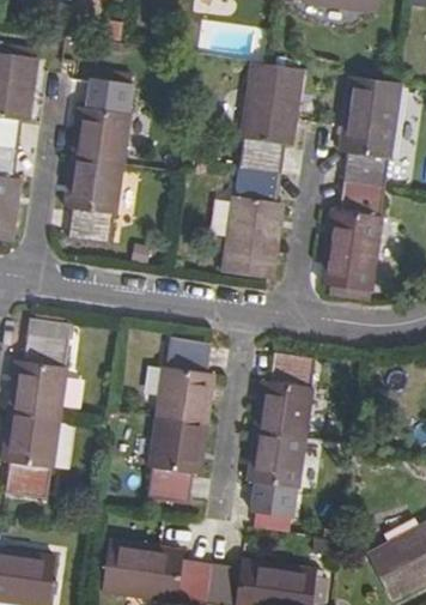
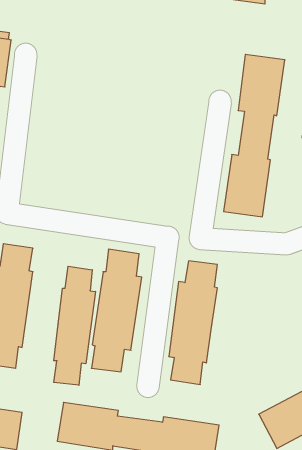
building: [224,62,303,279] -> none
building: [67,78,133,241] -> none
building: none -> [54,266,95,385]

